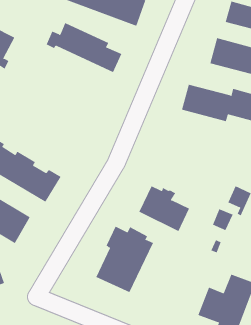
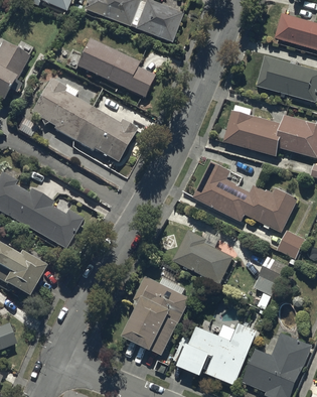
building: none -> [31,78,137,161]
building: none -> [194,160,300,233]
building: none -> [178,322,258,384]

